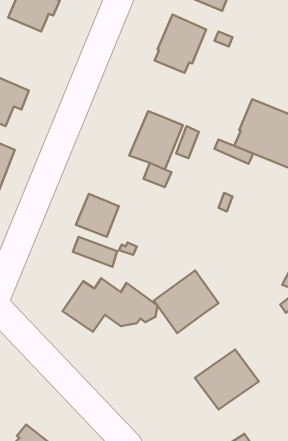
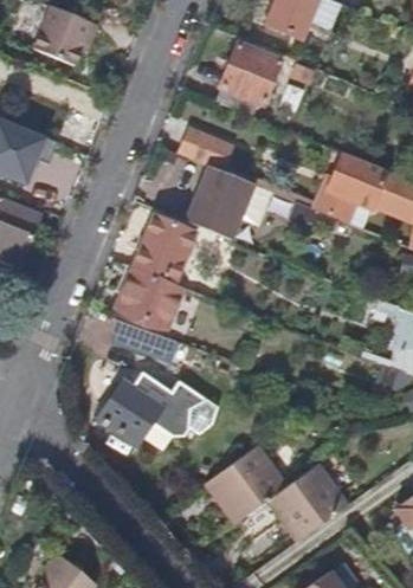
building: none -> [182,128,234,170]
building: none -> [133,215,195,282]
building: [154,270,219,333] -> [206,445,288,524]

